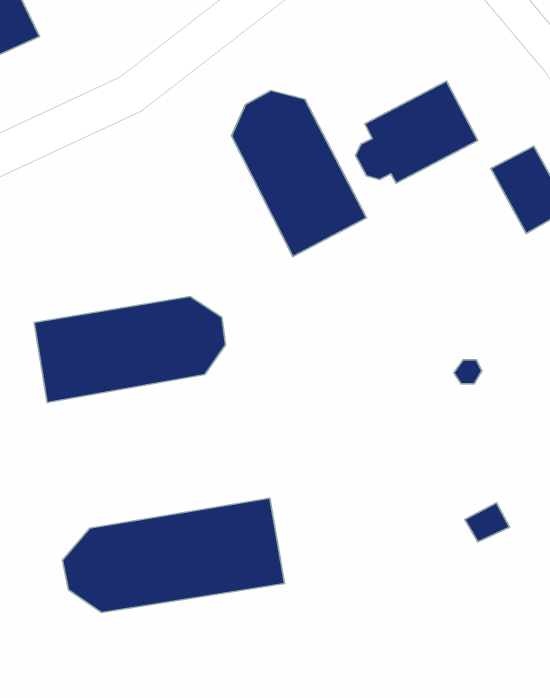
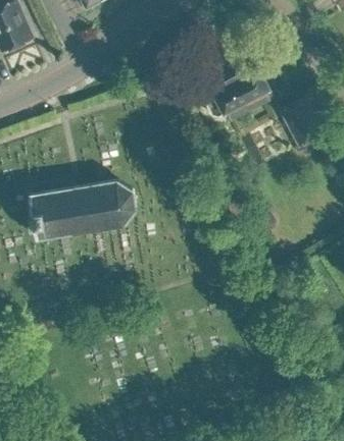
building: [231,90,367,257] -> none
building: [63,498,284,612] -> none

